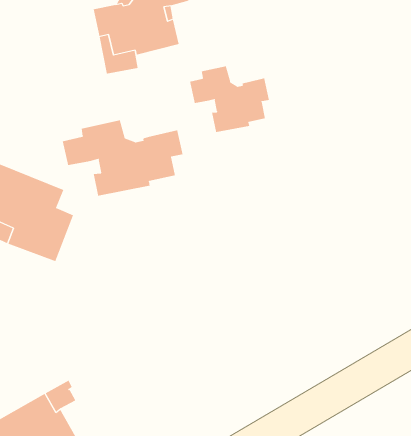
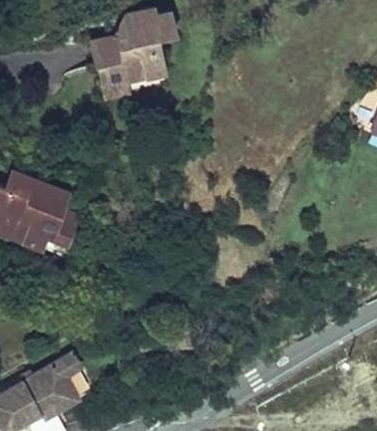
building: [189,65,270,133] -> none
building: [62,120,183,197] -> none

